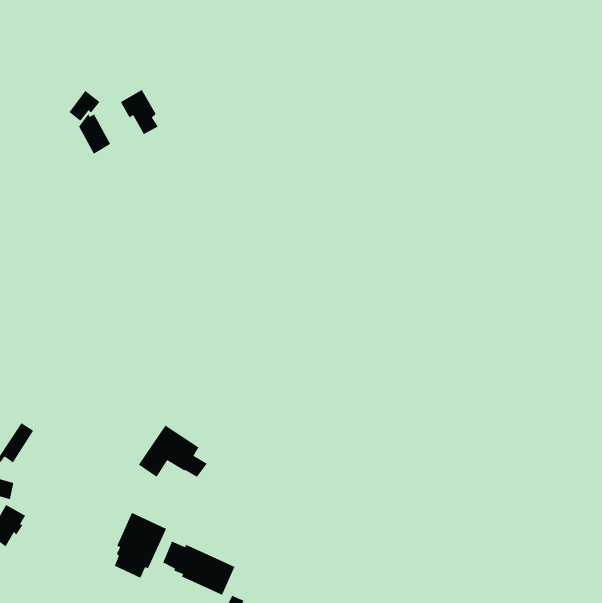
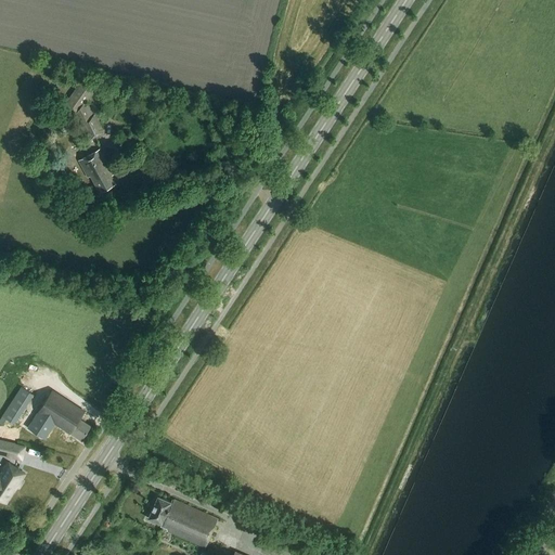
building: [120,89,159,135] -> [78,150,114,192]
building: [138,425,208,478] -> [26,392,90,441]
building: [114,512,167,579] -> none

